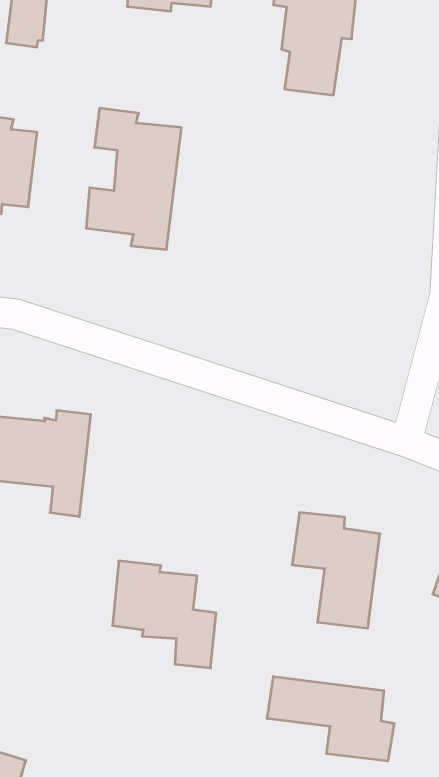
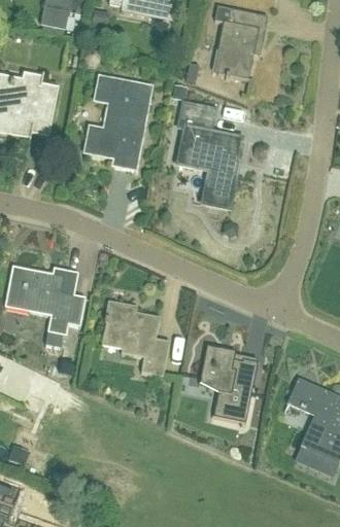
building: none -> [178,102,241,207]
building: [112,561,216,668] -> [102,302,169,375]
building: [267,676,394,761] -> none

